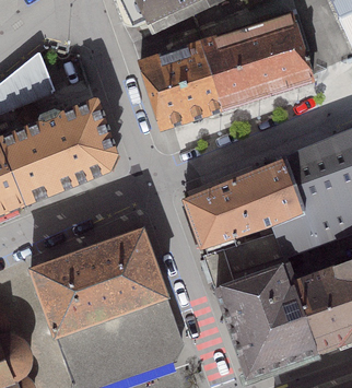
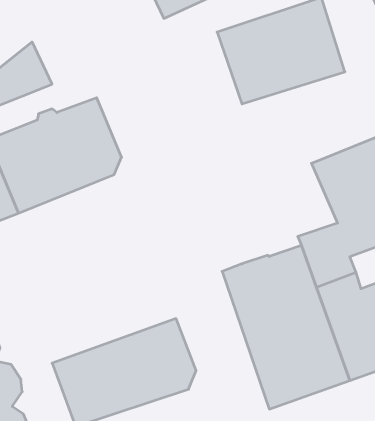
building: [140,44,222,127] -> none
building: [185,160,306,248] -> none
building: [28,228,166,336] -> none

